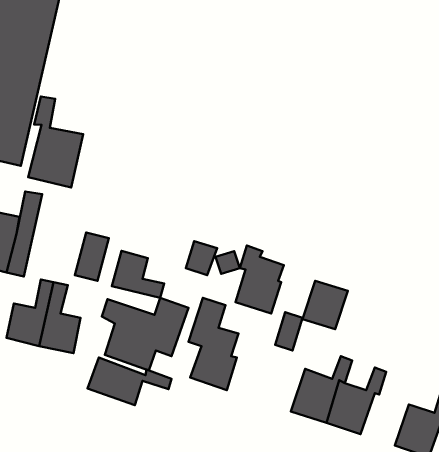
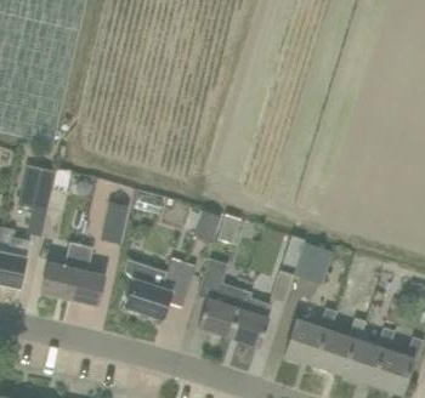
building: [28,96,83,187] -> none
building: [236,245,284,314] -> [228,288,270,346]
building: [112,251,164,298] -> none
building: [88,357,171,405] -> none
building: none -> [342,326,393,383]

